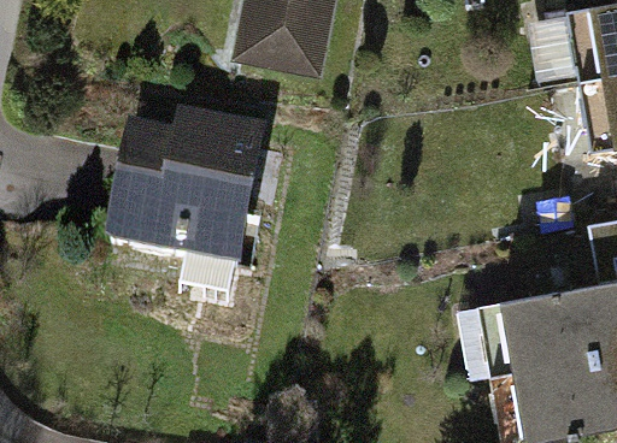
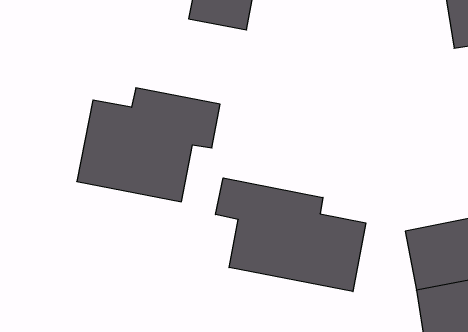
building: none -> [216,178,366,292]

